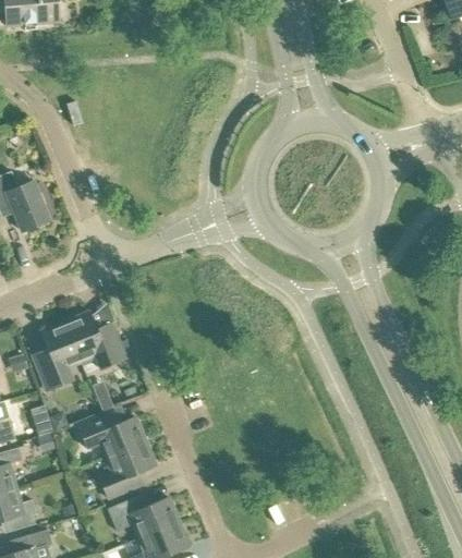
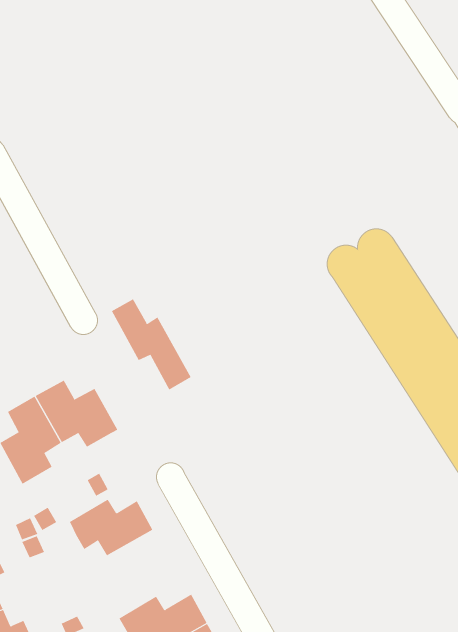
building: none -> [111,299,192,391]
building: [98,441,155,499] -> none

